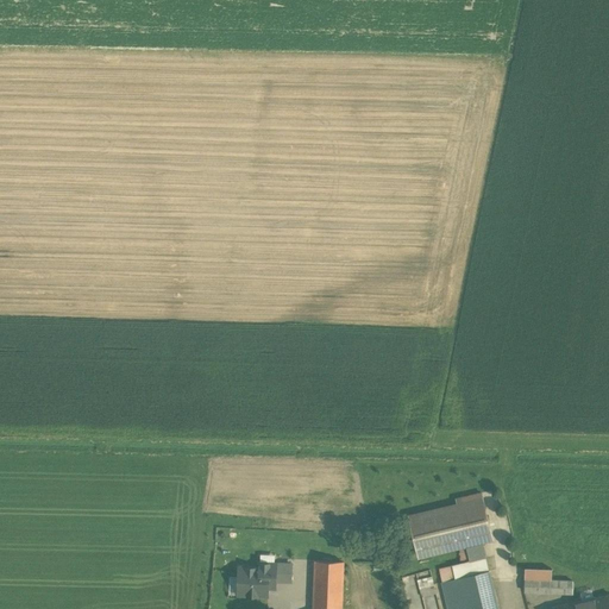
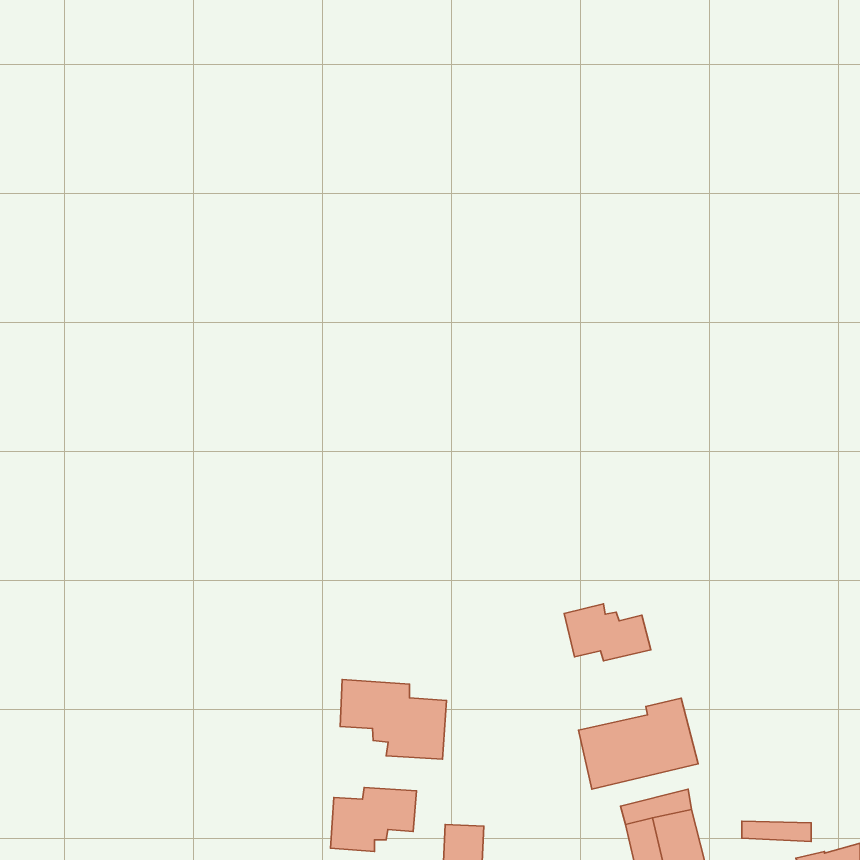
building: none -> [564,604,651,661]
building: none -> [340,680,446,759]
building: [314,561,343,584] -> none

